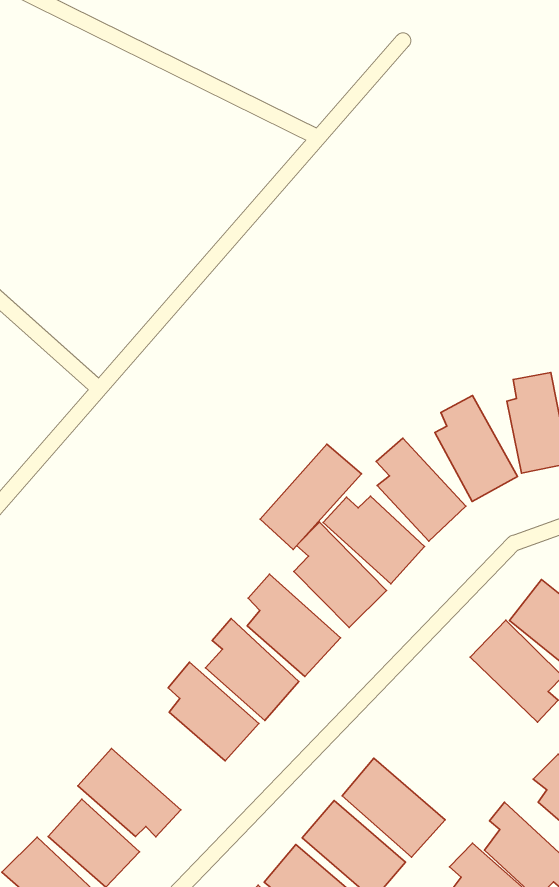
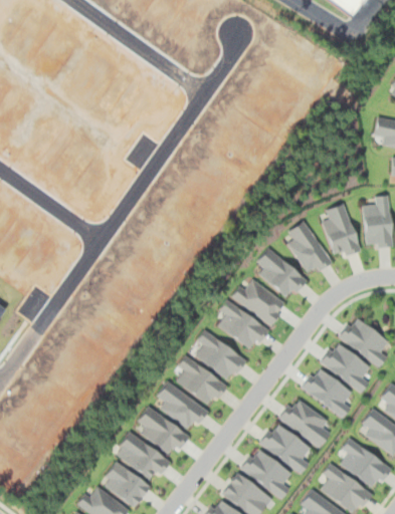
building: [260,444,362,549] -> none
building: none -> [300,368,351,419]
building: none -> [138,407,189,457]
building: none -> [276,397,333,447]

